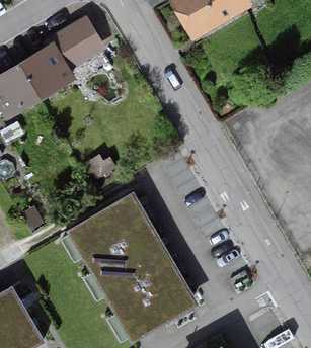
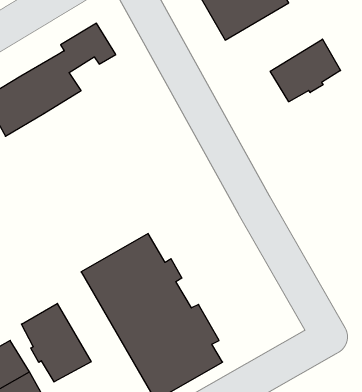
building: none -> [270,39,341,102]
building: none -> [21,303,91,382]

